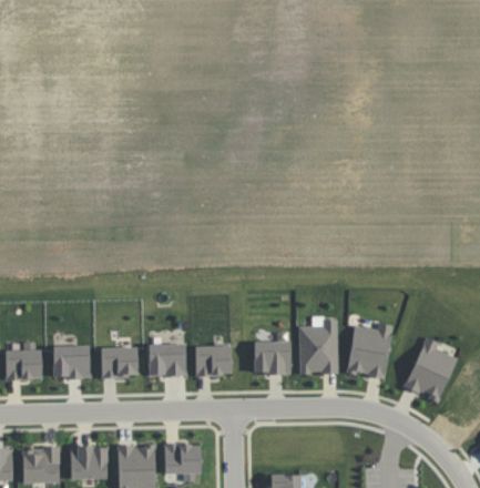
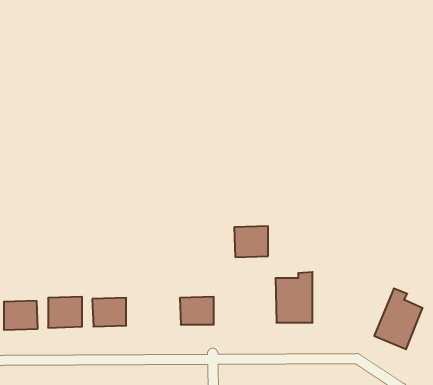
building: [346,322,392,378] -> none
building: [254,340,290,374] -> [234,226,268,257]
building: [149,343,186,376] -> none

